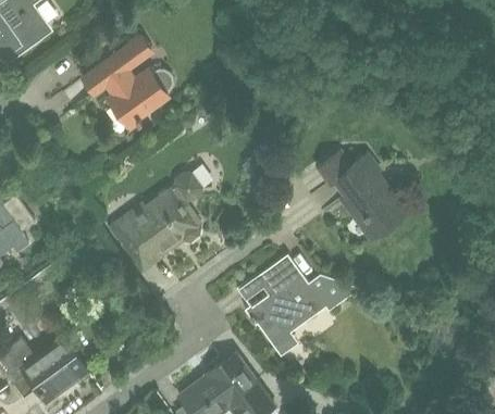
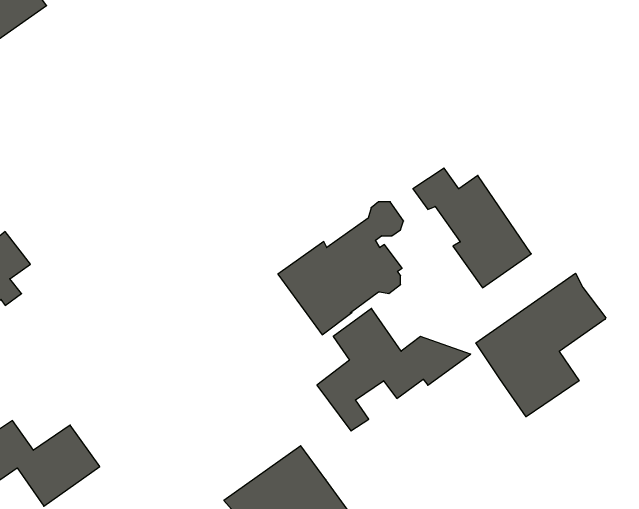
building: [83,38,174,126] -> none
building: [108,175,200,273] -> [278,202,404,335]
building: none -> [476,273,606,417]

